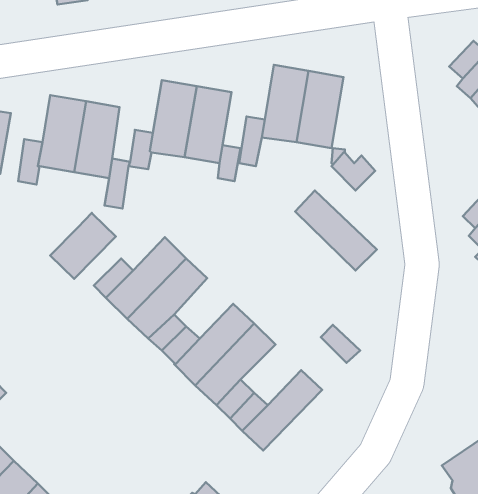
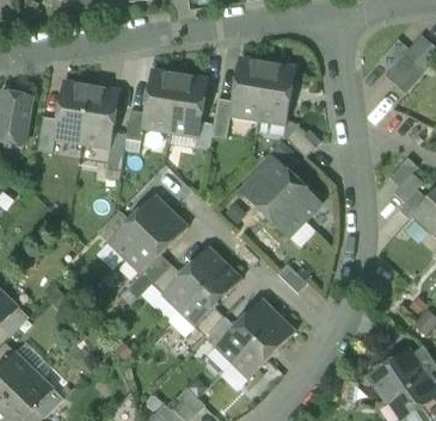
building: none -> [239,173,303,236]
building: [50,213,116,279] -> none
building: none -> [231,314,294,378]

